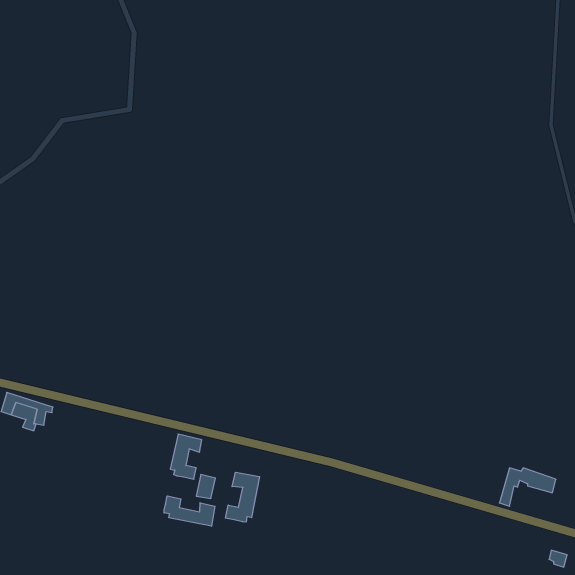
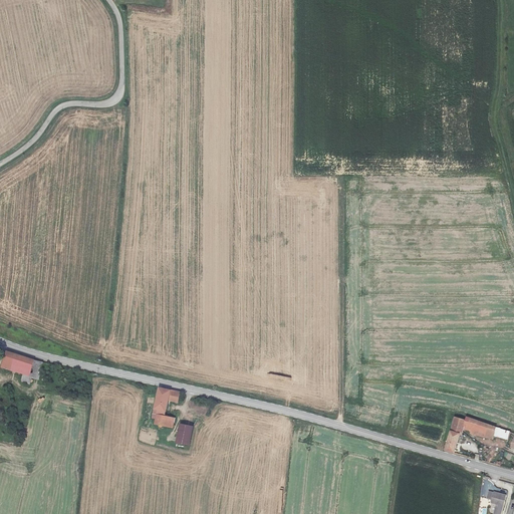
building: [225,472,260,522] -> none
building: [164,496,215,526] -> none

